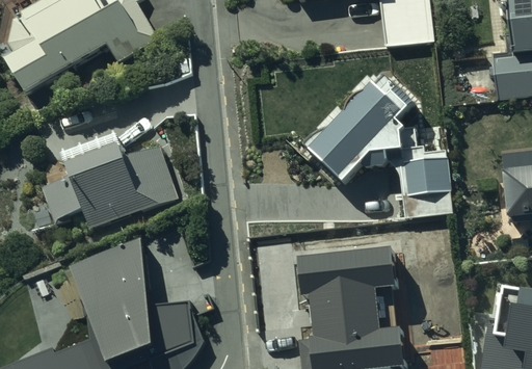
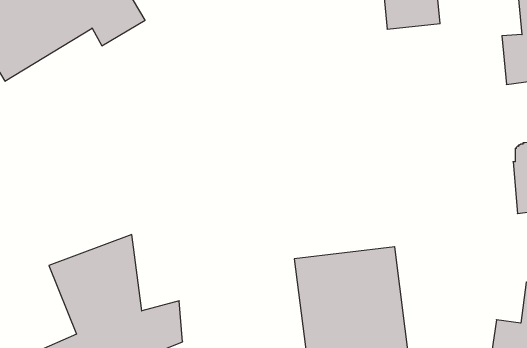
building: [303,73,454,216] -> none
building: [42,144,180,229] -> none

